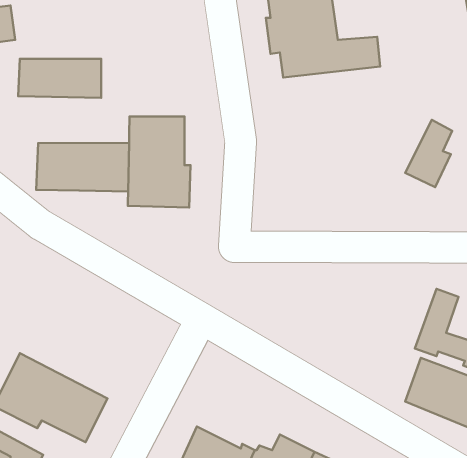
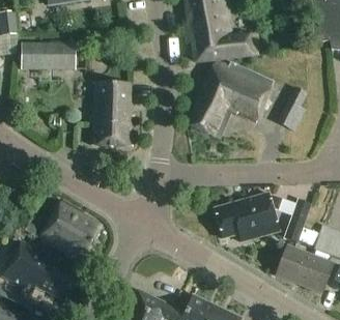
building: none -> [187,57,274,137]
building: [36,143,129,192] -> none
building: none -> [214,190,278,239]
building: none -> [41,200,102,261]

